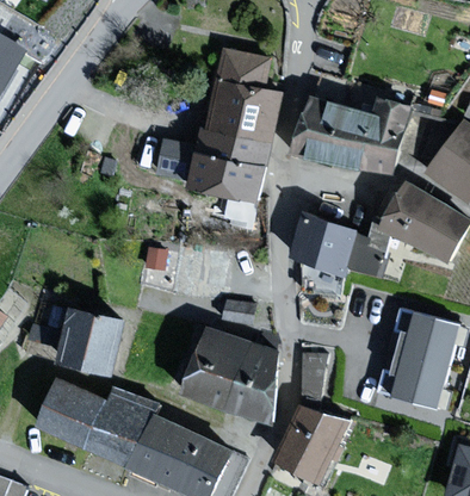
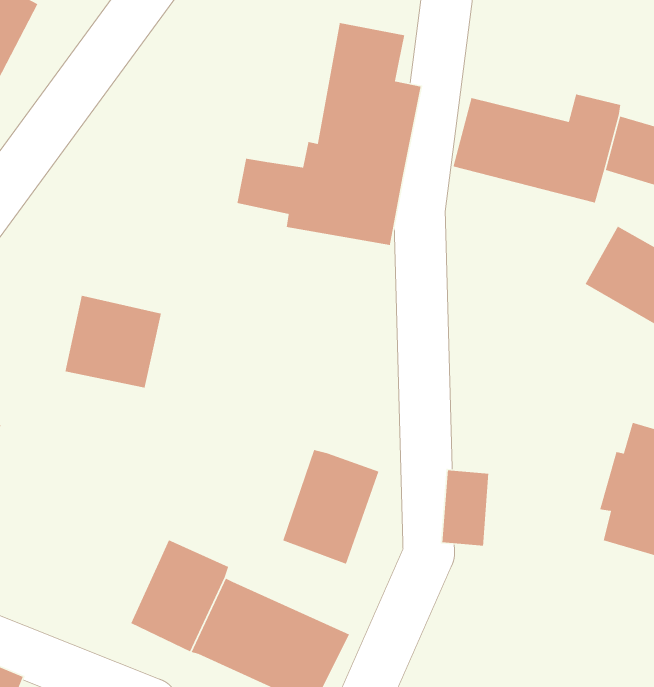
building: [290,216,379,277] -> none
building: [58,311,122,372] -> [65,295,162,388]
building: [228,347,272,421] -> none
building: [39,383,106,446] -> none
building: [277,410,342,479] -> none

